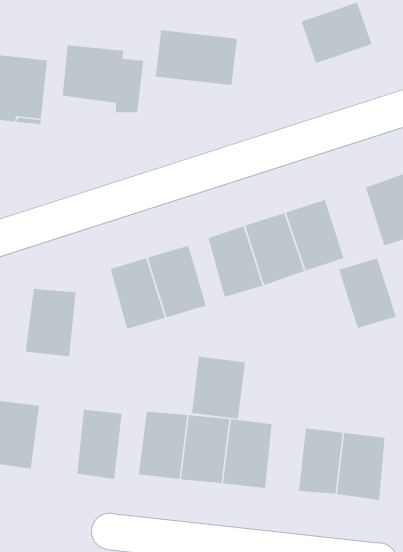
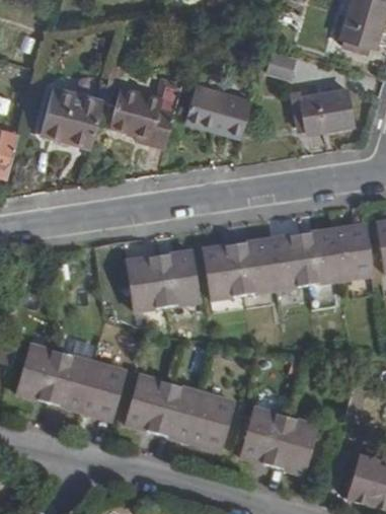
building: [338,257,397,329] -> [300,231,338,283]
building: [25,288,77,357] -> [44,357,90,414]
building: [191,356,246,419] -> none

